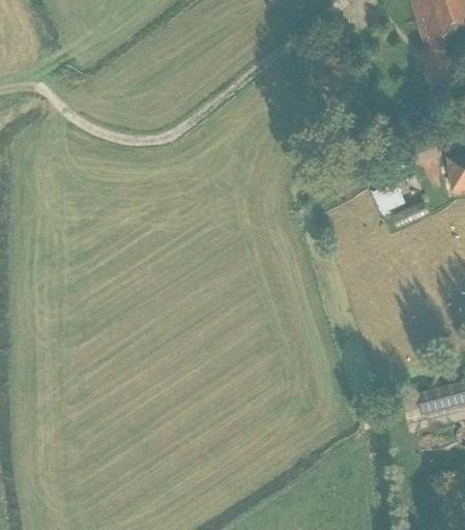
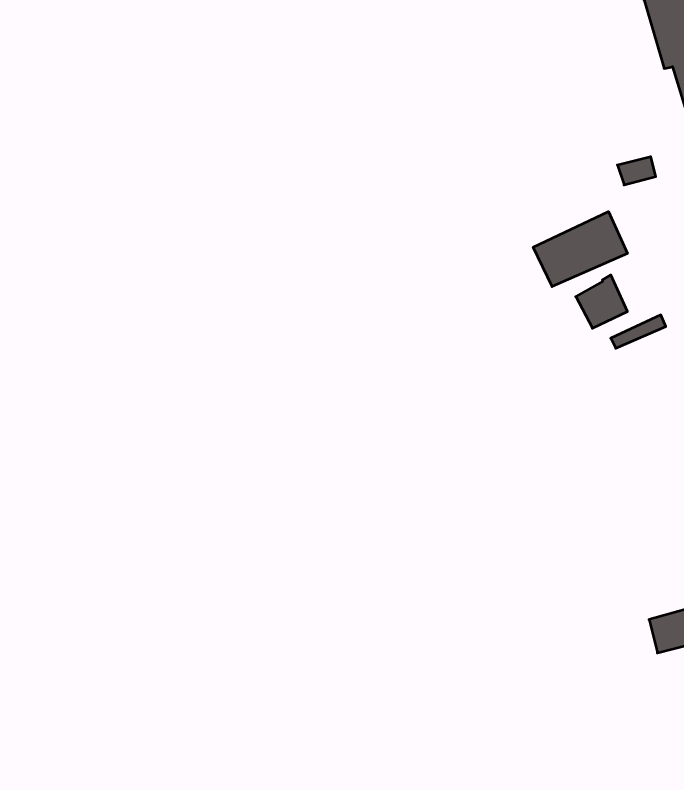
building: none -> [533,212,627,287]

